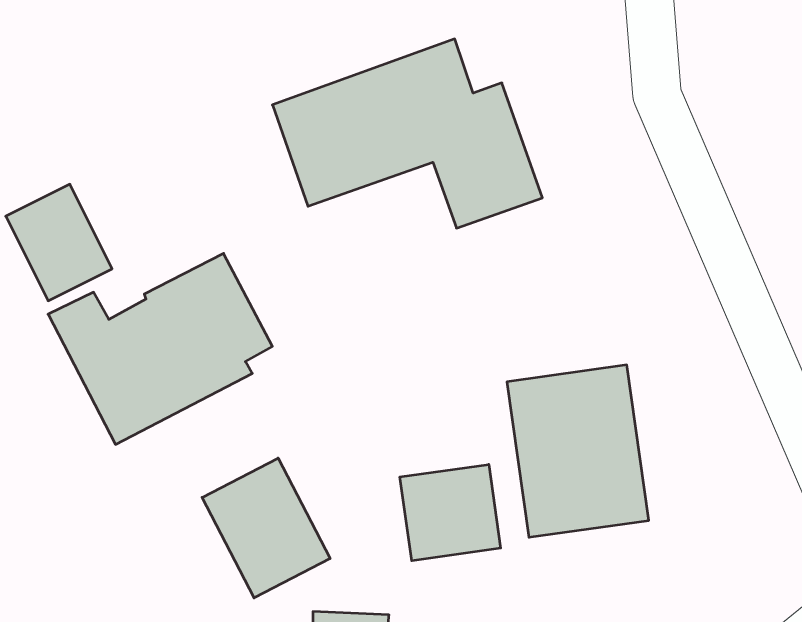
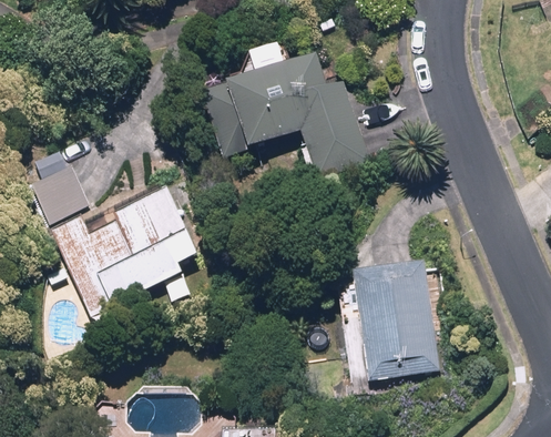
building: [202,458,330,598] -> none
building: [400,464,501,561] -> none

